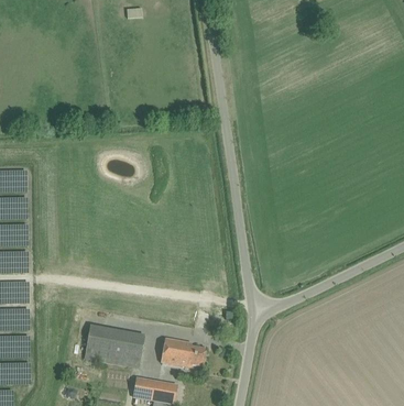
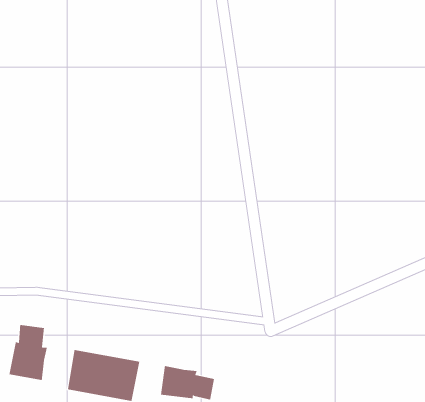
building: none -> [9,324,47,381]

